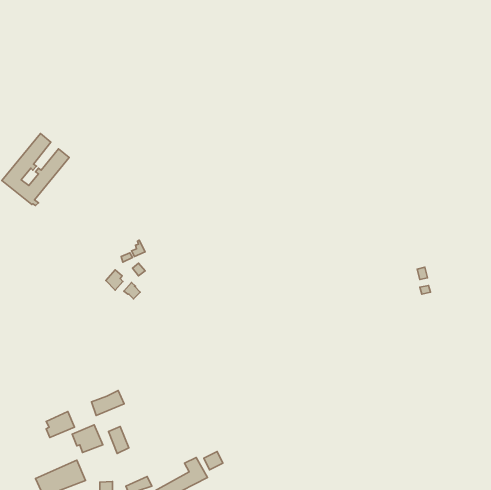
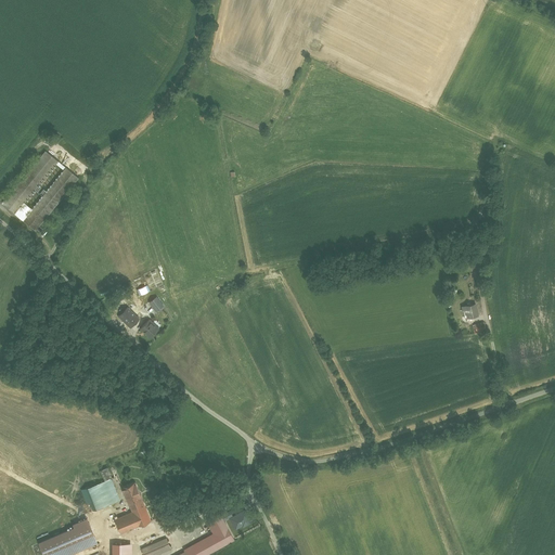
building: [91,390,124,415] -> [115,506,152,534]
building: [46,412,74,437] -> none

